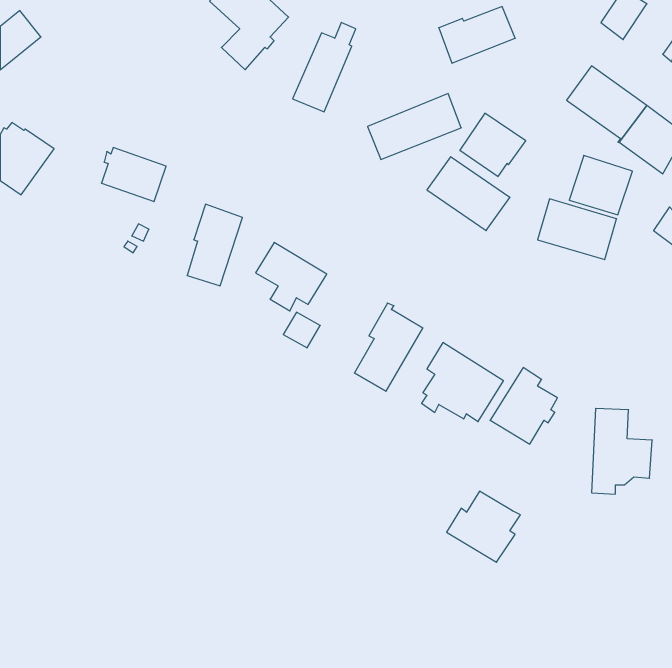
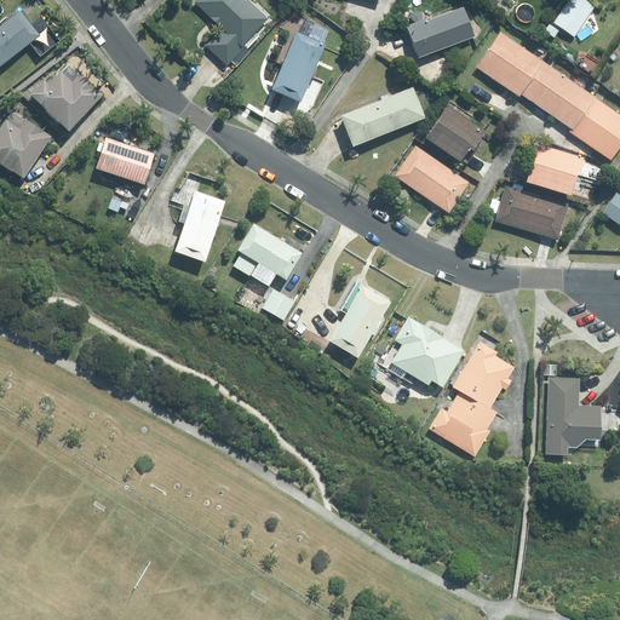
building: none -> [475,29,545,96]
building: none -> [28,70,102,133]
building: [447,491,520,562] -> [427,390,495,455]

